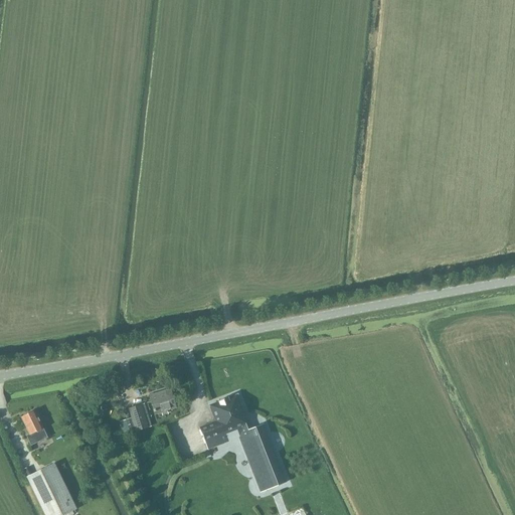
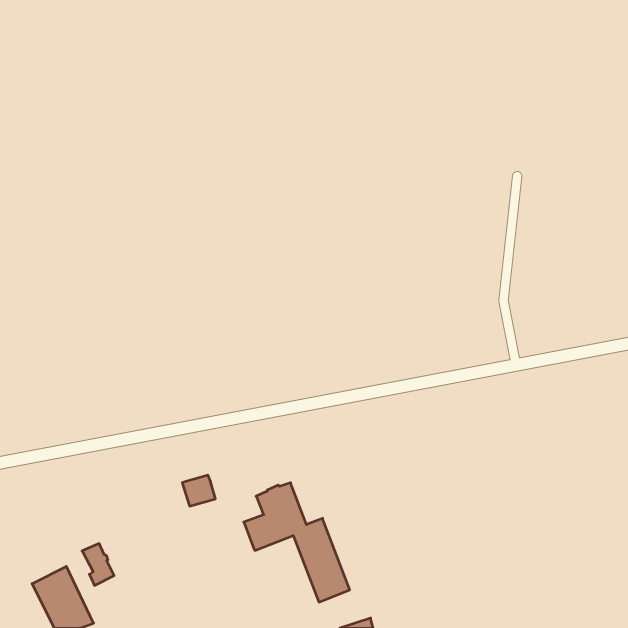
building: [124,402,153,434] -> none
building: [22,410,48,445] -> [82,544,114,585]

